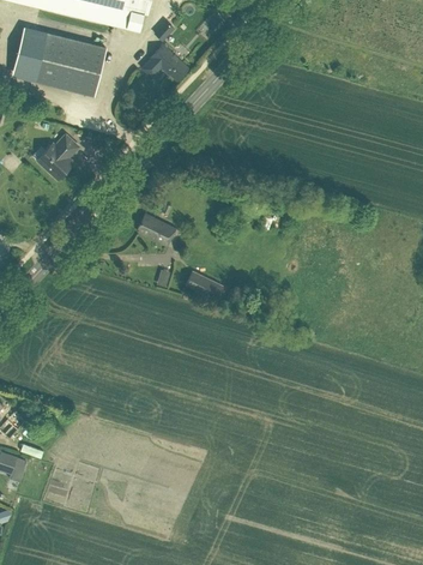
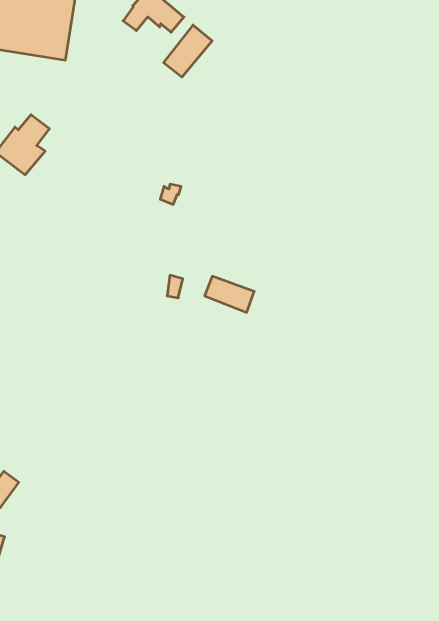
building: none -> [164,25,212,77]
building: [135,214,175,246] -> none

